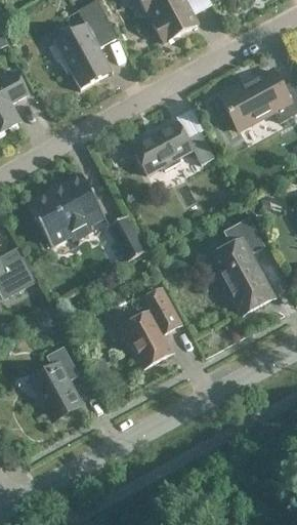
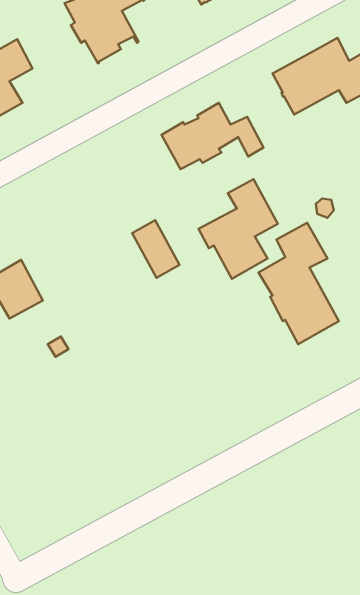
building: [27,174,104,247] -> none
building: [117,288,180,368] -> [199,179,278,279]
building: [29,346,80,420] -> none

